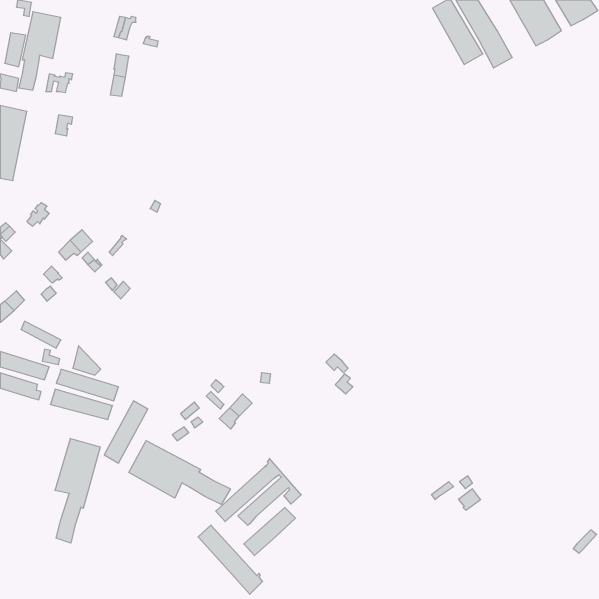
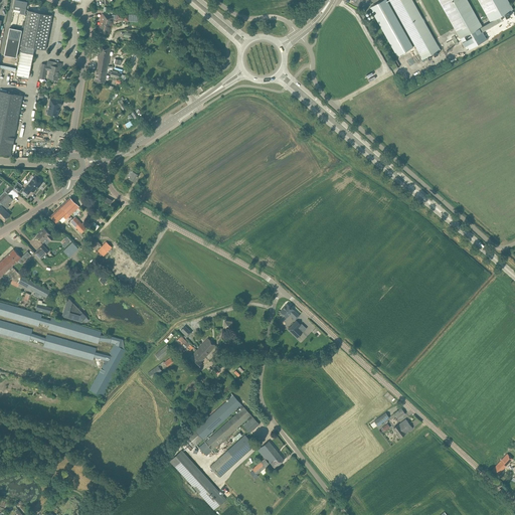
building: [55,438,100,543] -> none
building: [129,441,230,504] -> none
building: none -> [250,441,284,479]

